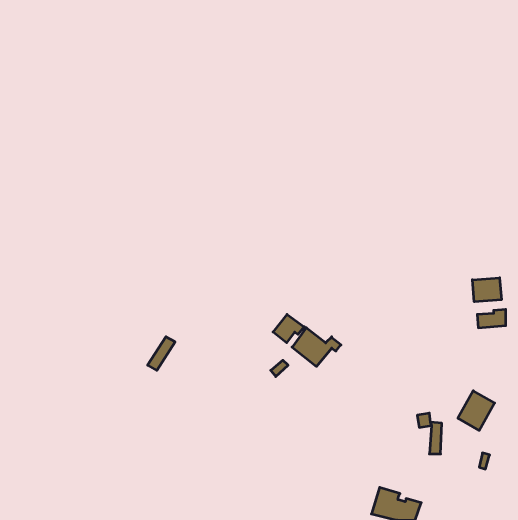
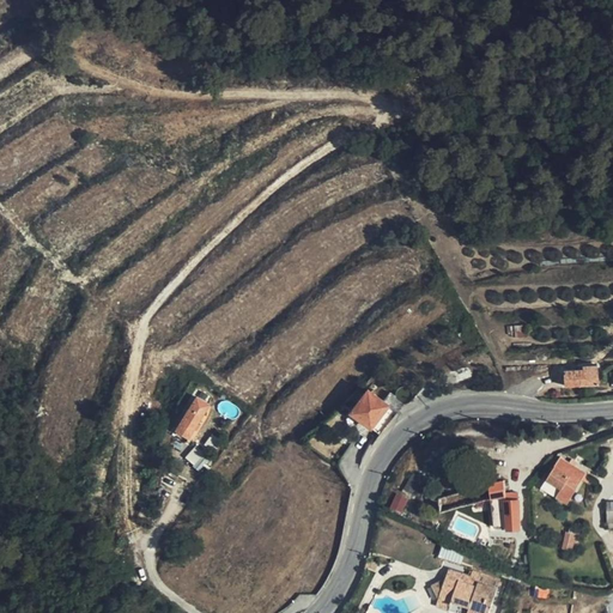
building: [472,278,501,302] -> none
building: [273,314,304,343] -> none

